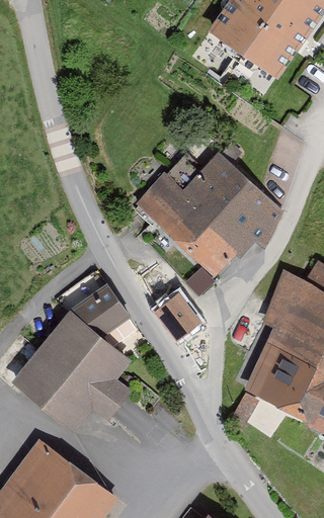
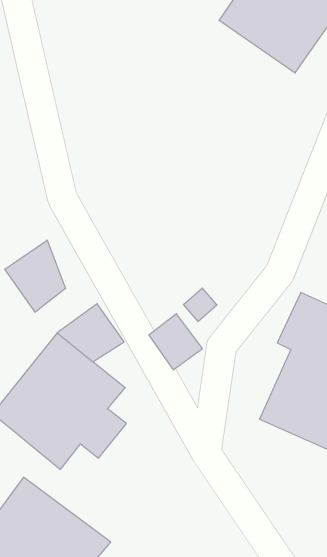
building: [137,153,274,272] -> none
building: none -> [5,240,65,312]

